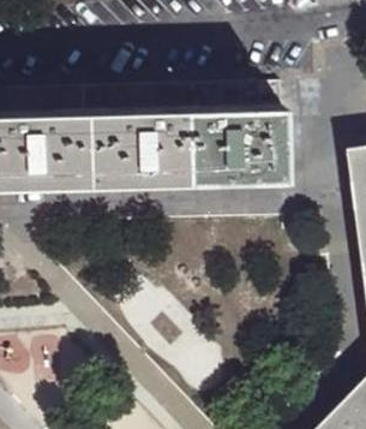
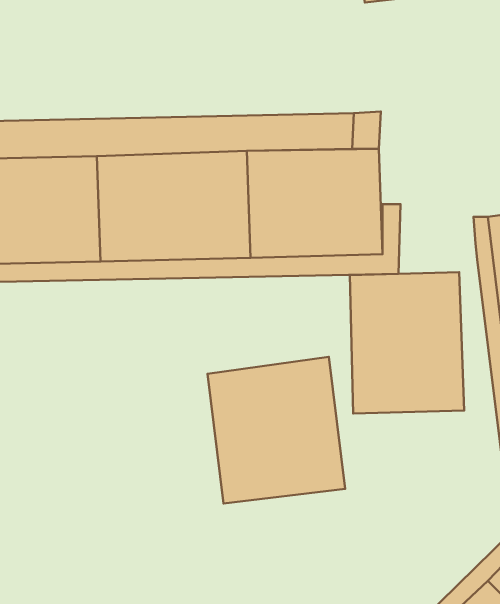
building: none -> [350,272,464,414]
building: none -> [207,357,345,504]

